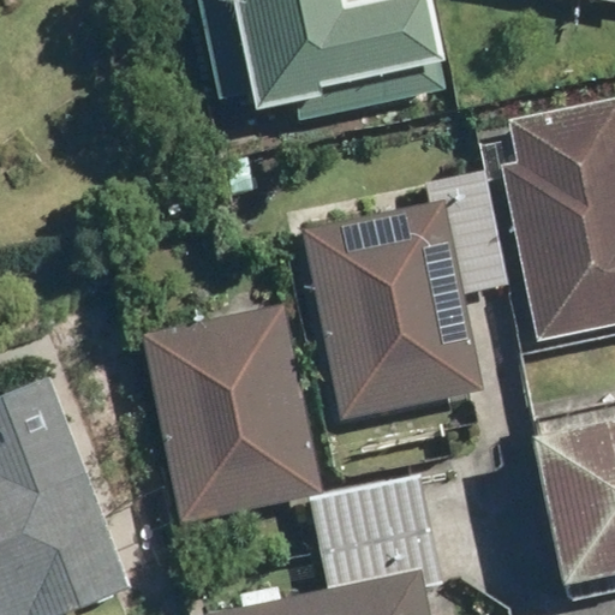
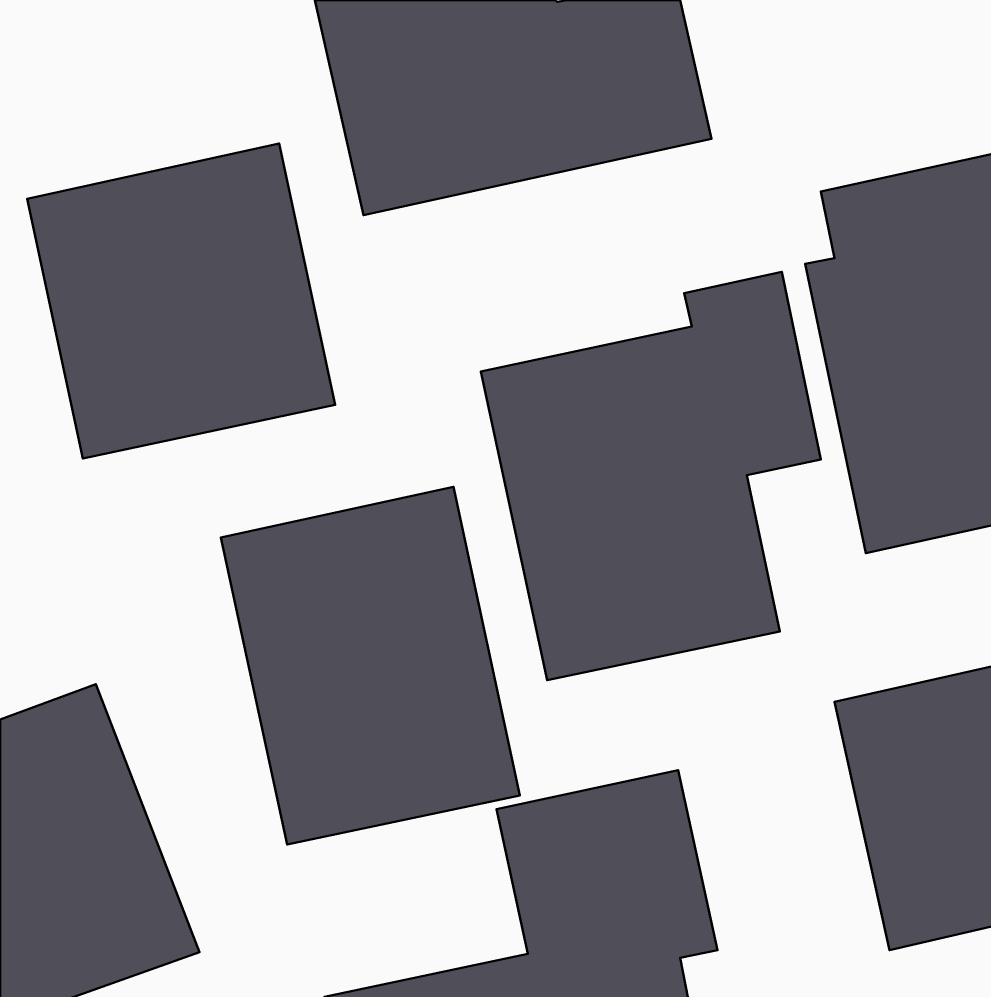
building: none -> [27,144,335,459]

